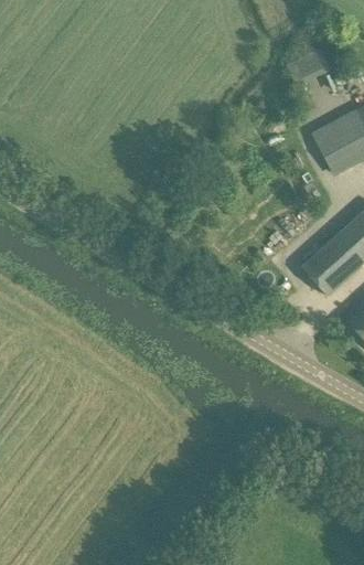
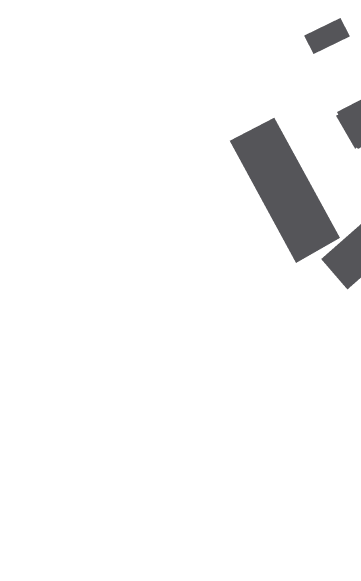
building: none -> [229,117,341,264]

